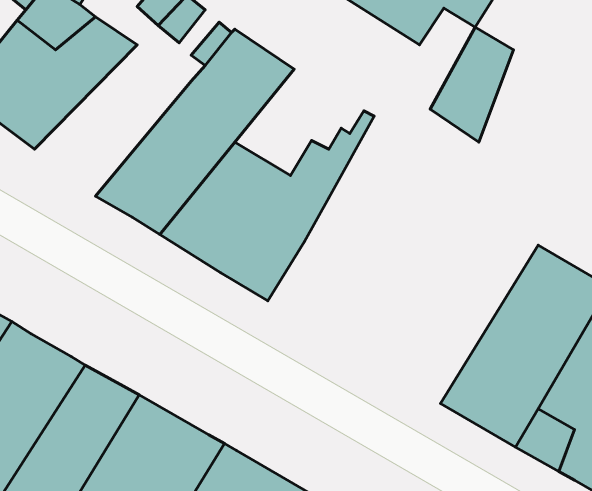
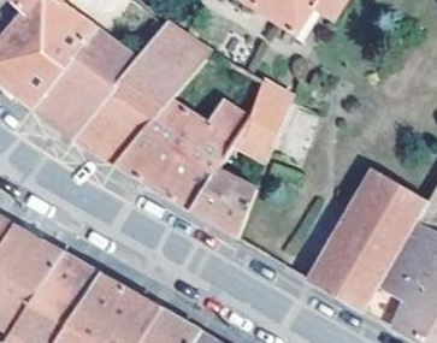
building: [430,27,514,142] -> [234,82,291,161]
building: none -> [30,32,138,137]
building: none -> [191,168,255,237]

